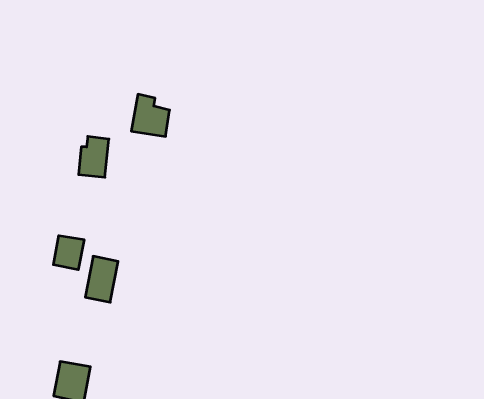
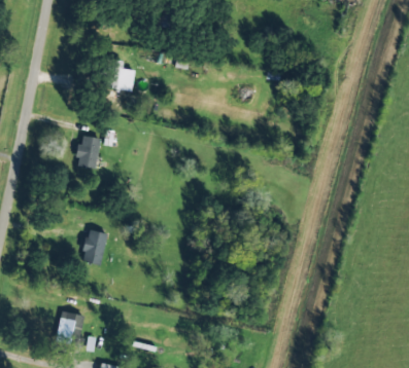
building: [131,94,170,136] -> [105,58,135,90]
building: [53,236,84,270] -> none

